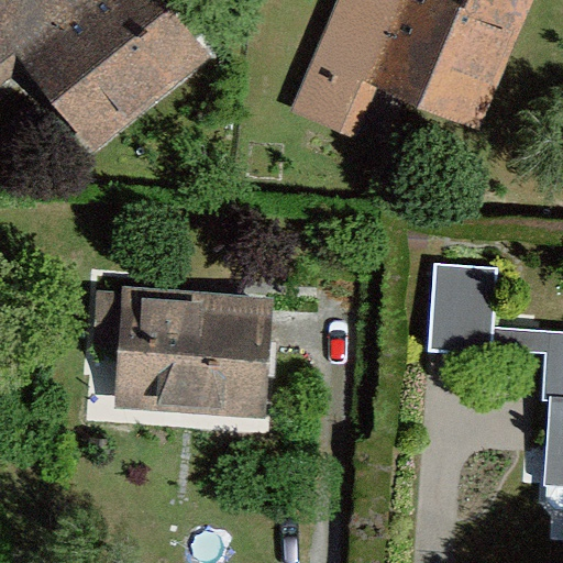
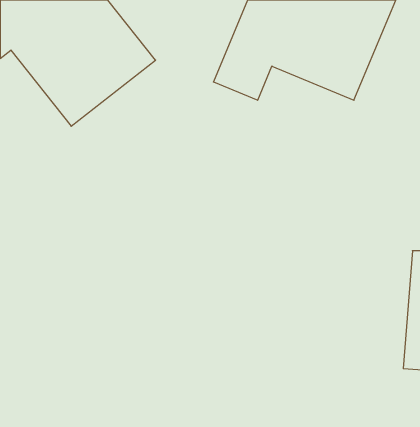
building: [439,262,498,345] -> none
building: [95,283,277,419] -> none

